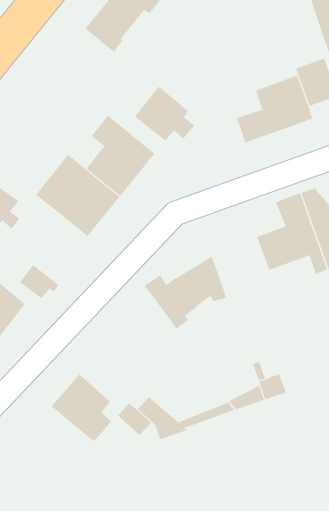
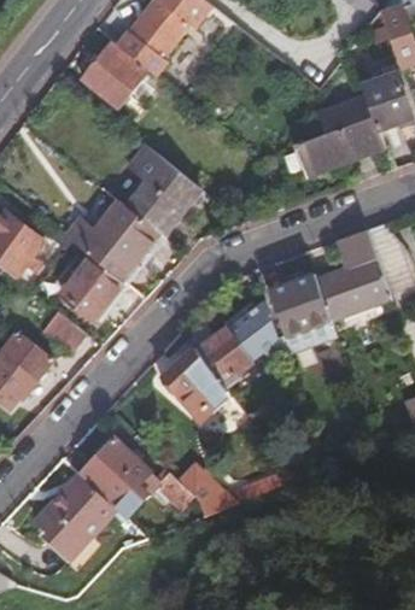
building: [134,86,195,142] -> [83,40,153,104]
building: none -> [59,254,123,318]
building: none -> [270,275,335,354]
building: none -> [163,346,227,416]
building: none -> [37,475,118,556]

